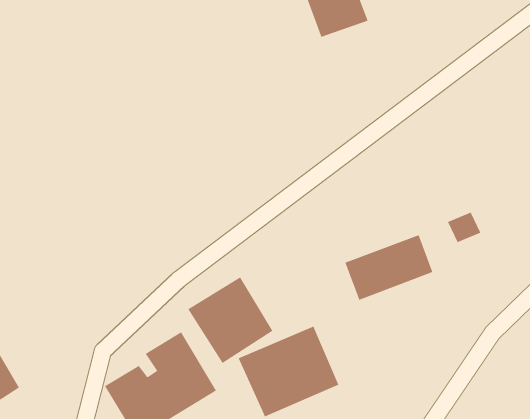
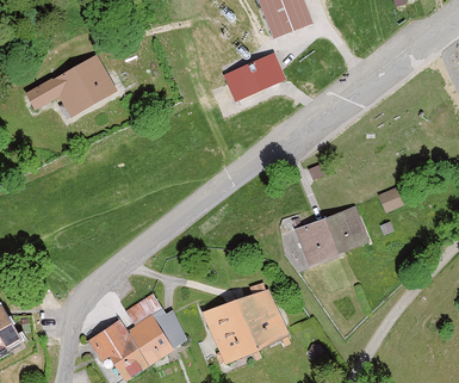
building: none -> [23,55,119,118]
building: none -> [225,57,285,103]
building: [188,276,273,364] -> none

